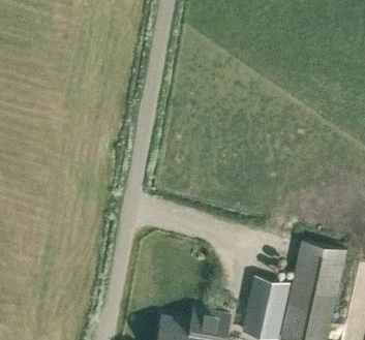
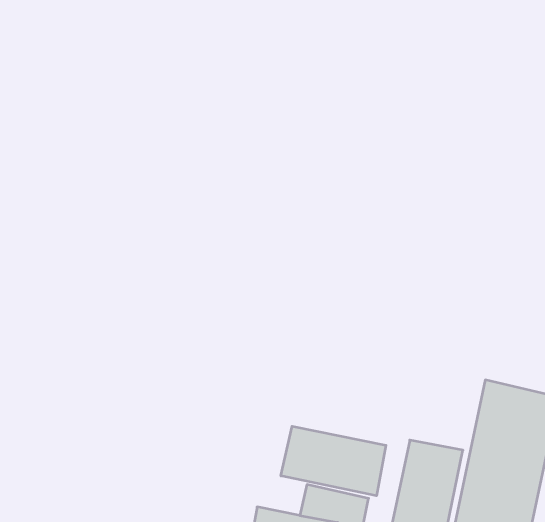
building: none -> [281,426,386,496]

